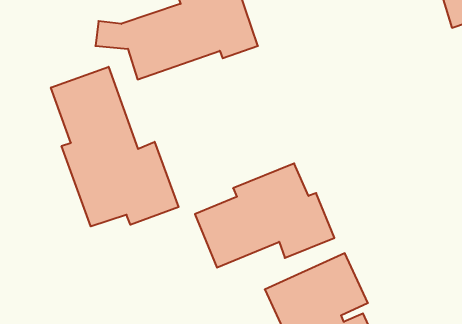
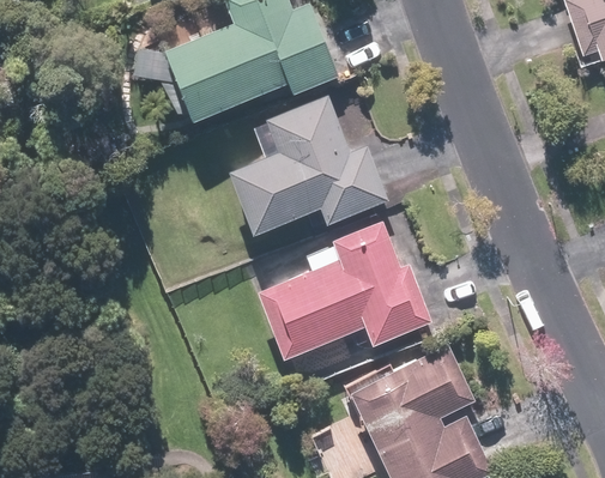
building: none -> [226,97,388,235]
building: [51,67,179,226] -> none

